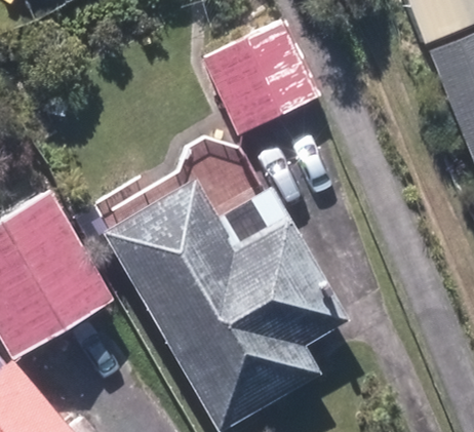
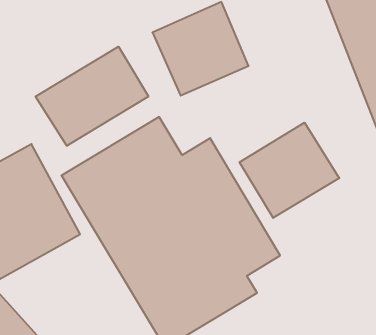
building: none -> [36,47,148,146]
building: none -> [240,123,339,218]

